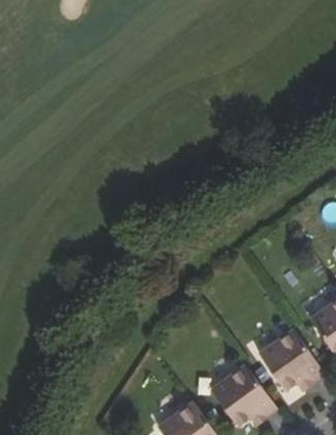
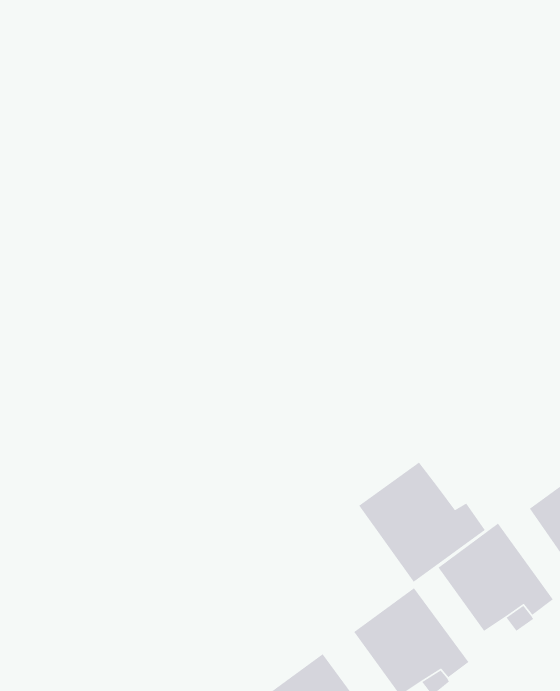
building: none -> [358,461,486,583]

